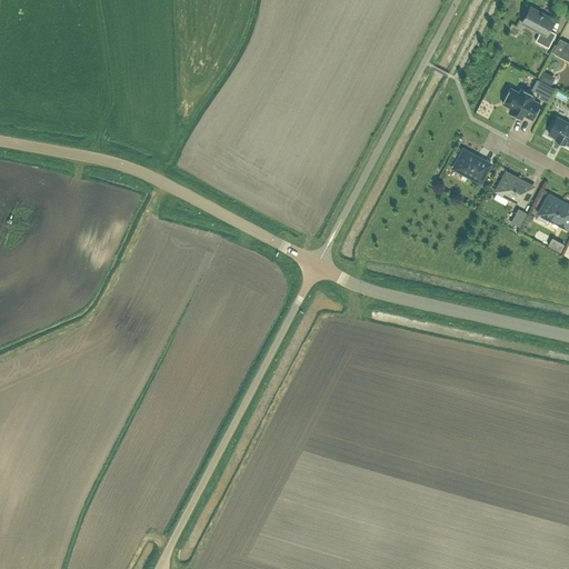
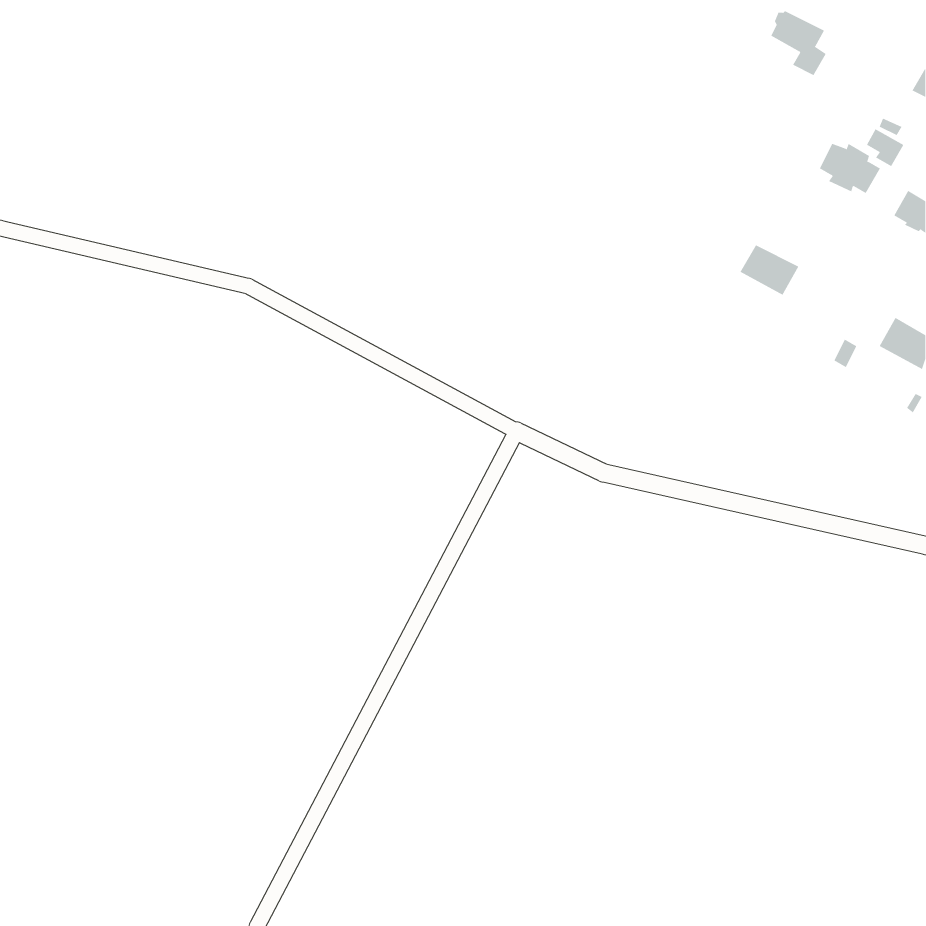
building: [521,7,556,47] -> [770,10,827,76]
building: [497,172,532,204] -> none

